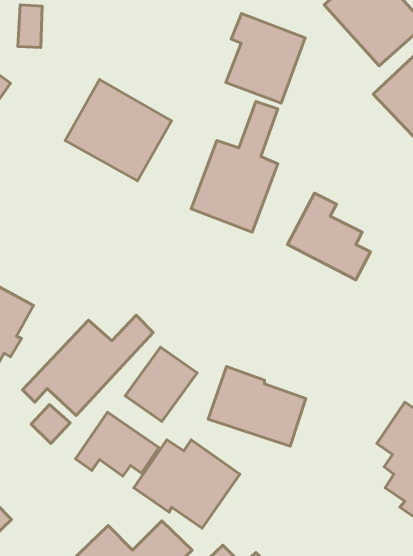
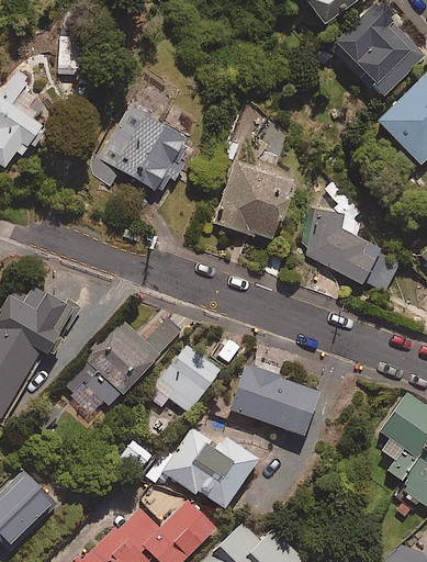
building: [226,14,305,103] -> none
building: [76,412,159,476] -> none

